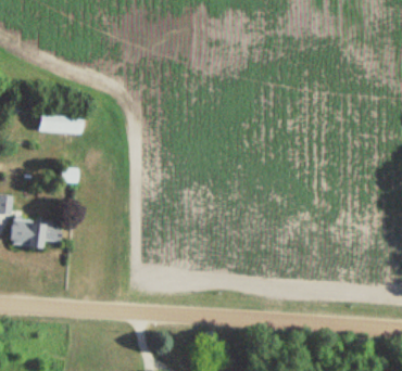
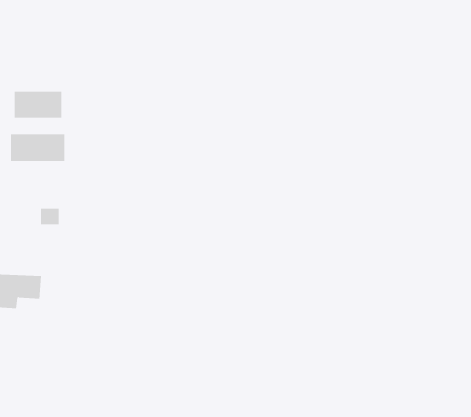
building: none -> [14,91,62,119]

